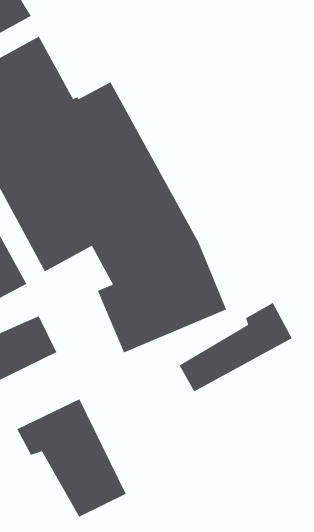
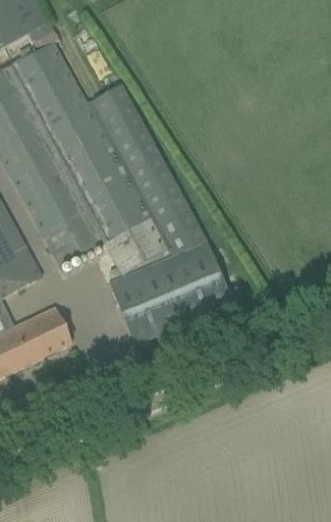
building: [179,302,293,393] -> none
building: [16,398,127,518] -> none

